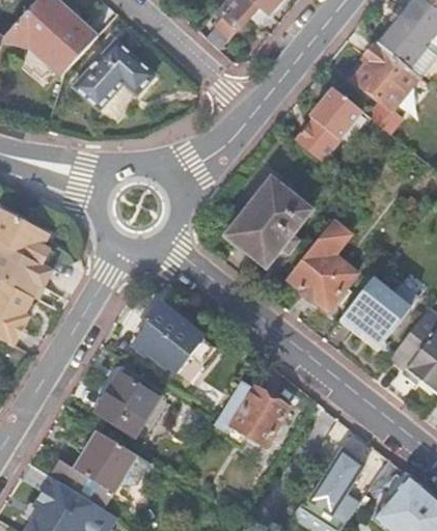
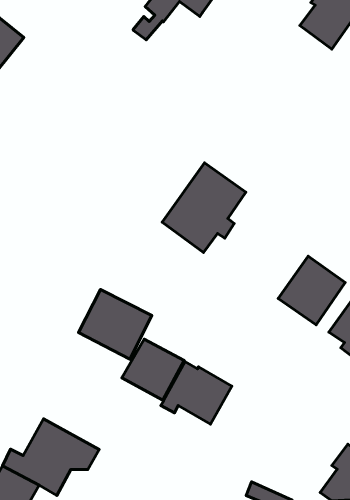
building: [74,39,155,108] -> none
building: [353,41,418,111] -> none
building: [295,88,362,162] -> none
building: [286,221,356,310] -> none
building: [93,374,158,438] -> [122,339,184,400]
building: [305,445,361,514] -> none

